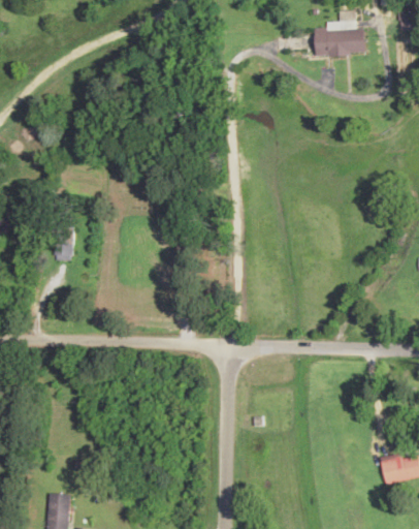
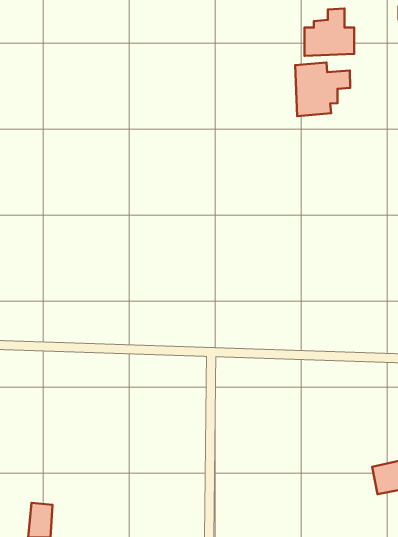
building: none -> [295,63,350,116]
building: [54,235,72,260] -> none

